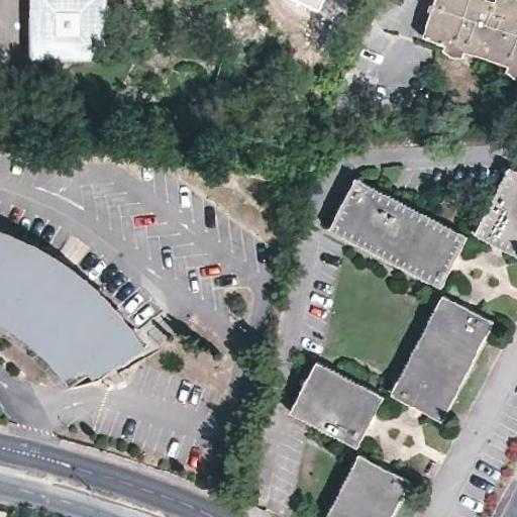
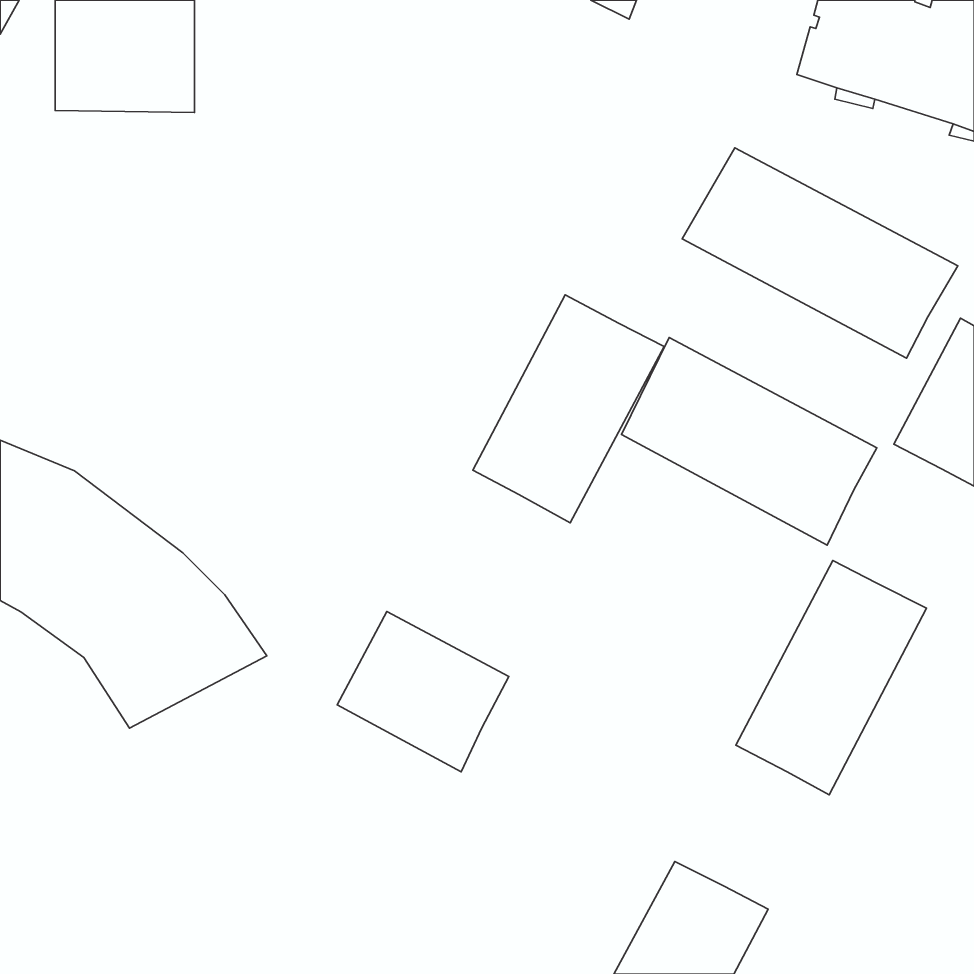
building: none -> [682,148,958,358]
building: none -> [473,295,664,523]
building: [290,363,381,447] -> [337,612,509,772]

